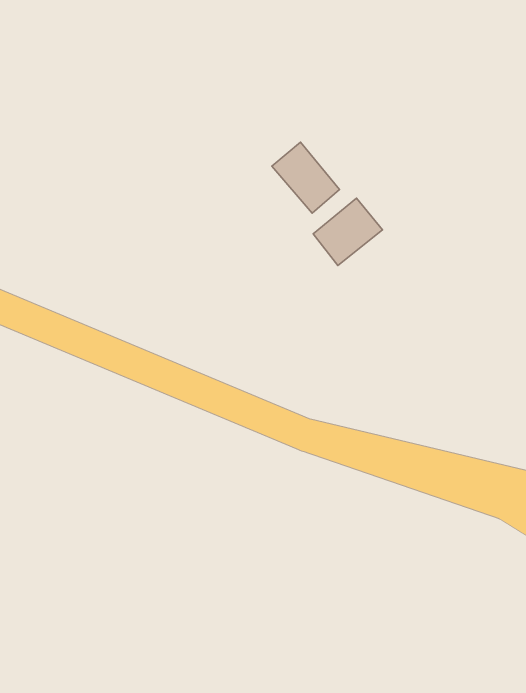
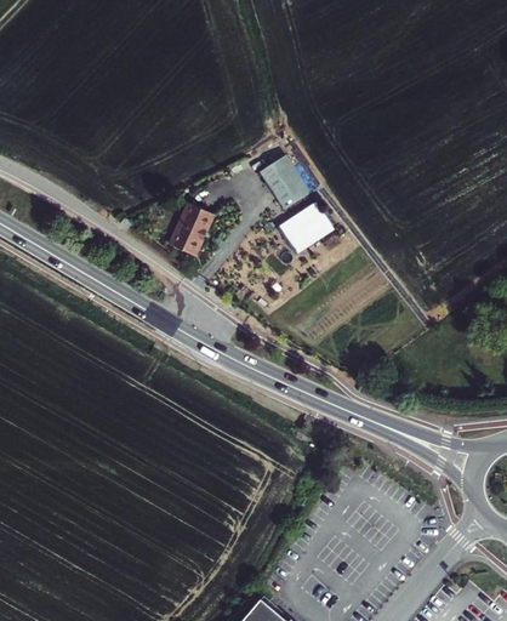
building: none -> [166,200,212,258]

